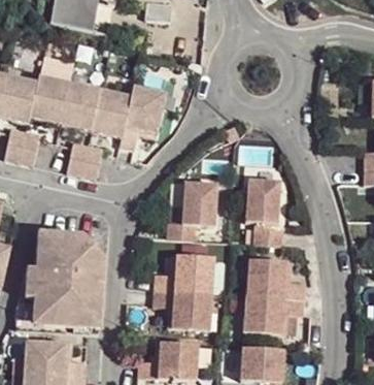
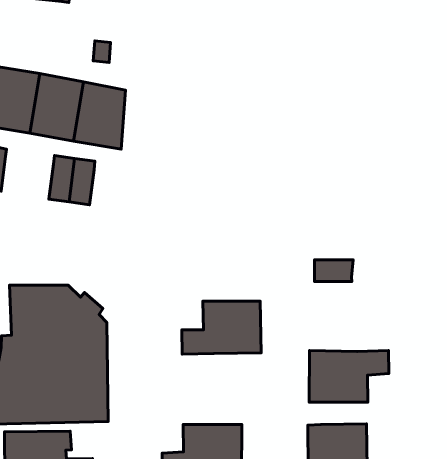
building: [121,84,165,149] -> none
building: [246,181,282,225] -> none
building: [167,184,216,243] -> none
building: [247,259,306,298] -> none
building: [154,290,212,329] -> none

